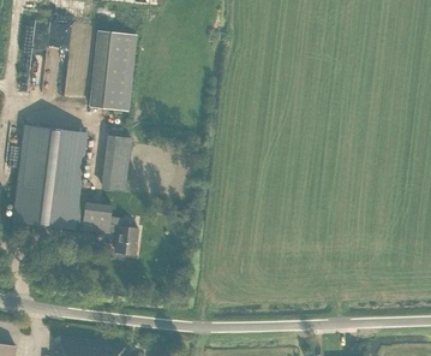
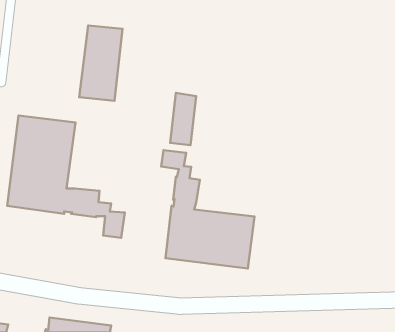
building: [102,135,130,190] -> [170,93,196,145]
building: none -> [161,150,255,268]

